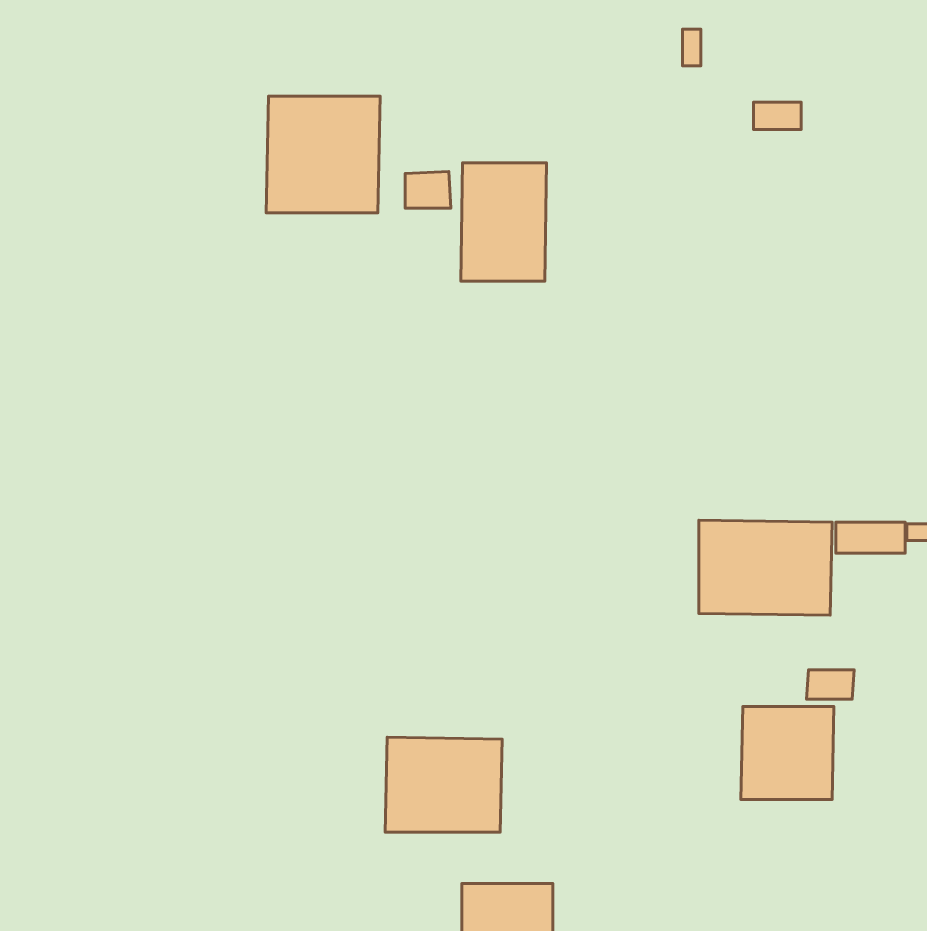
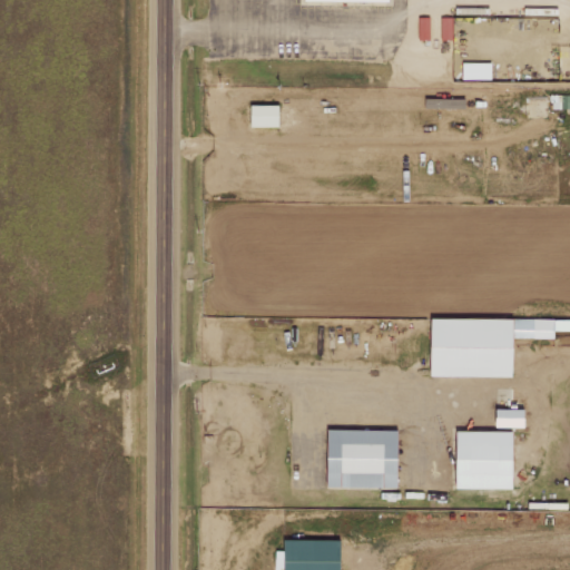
building: [266,96,380,213] -> none
building: [461,163,547,281] -> none
building: [385,737,502,832] -> [328,429,400,487]

